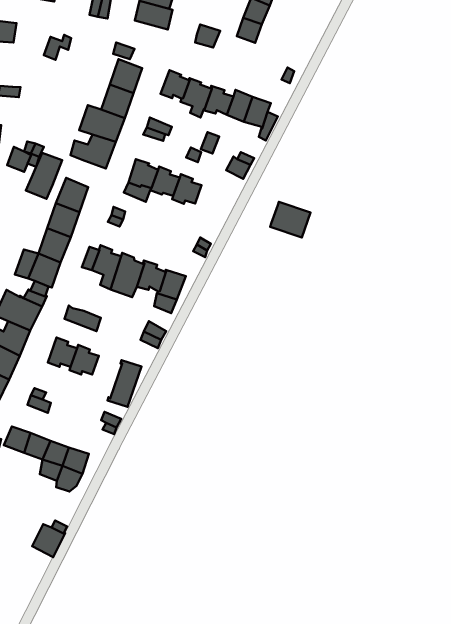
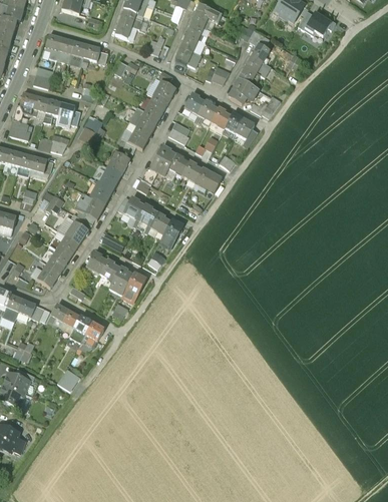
building: none -> [228,78,258,104]
building: [26,153,62,199] -> none
building: [270,202,310,238] -> [195,167,222,192]
building: none -> [108,266,133,296]

